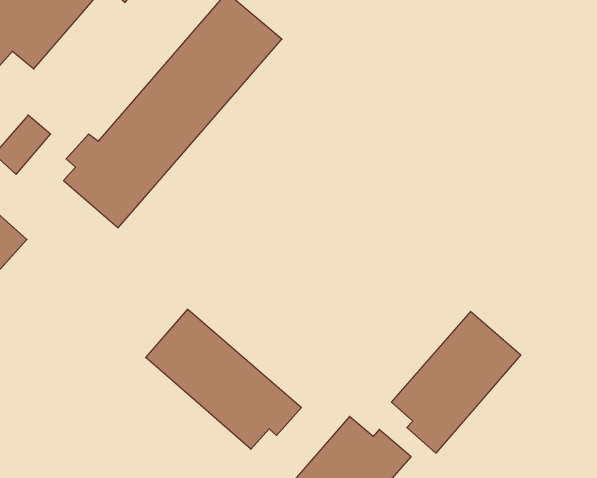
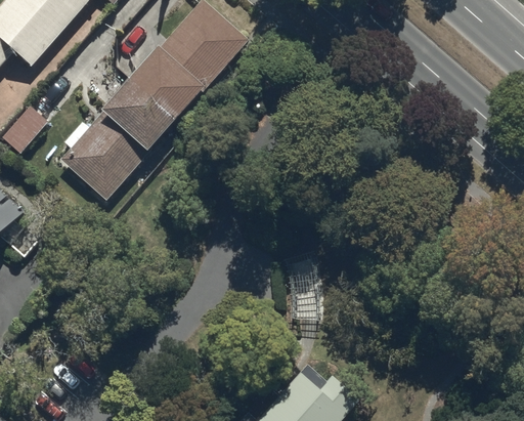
building: [146,309,301,449] -> none
building: [391,311,521,453] -> none

